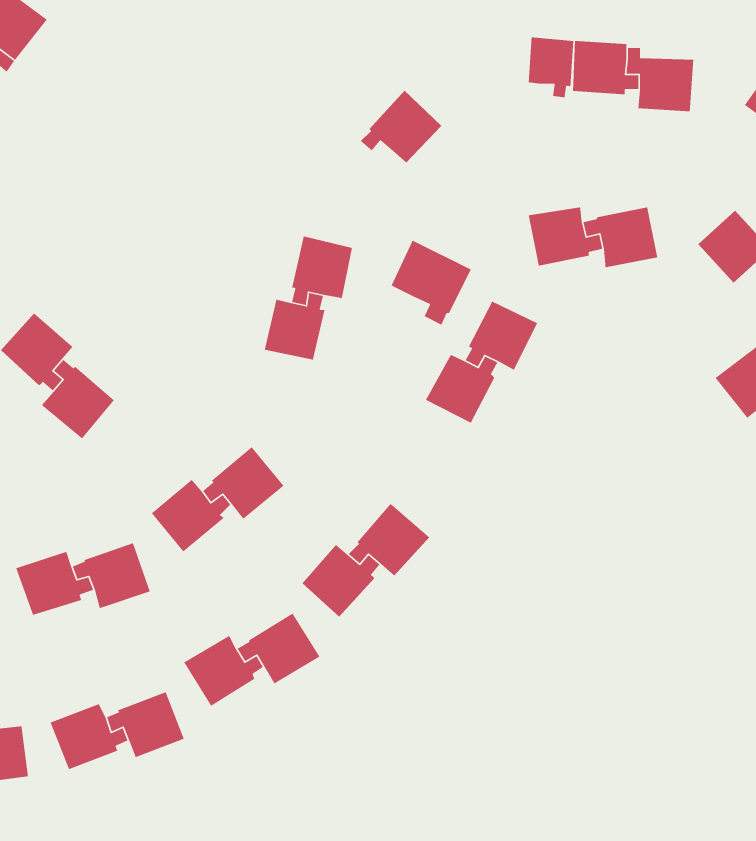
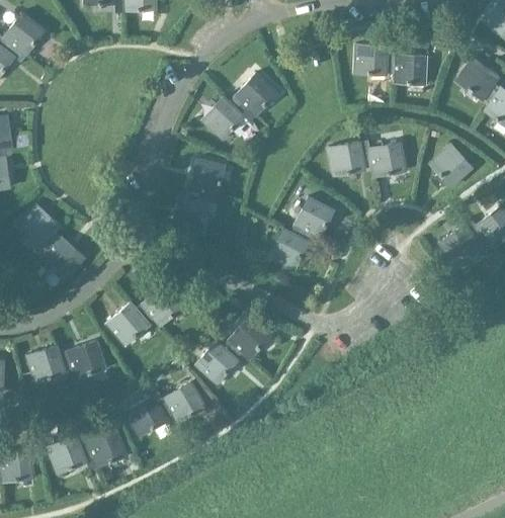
building: [528,36,574,98] -> none
building: none -> [200,96,248,140]
building: [390,239,472,326] -> none

